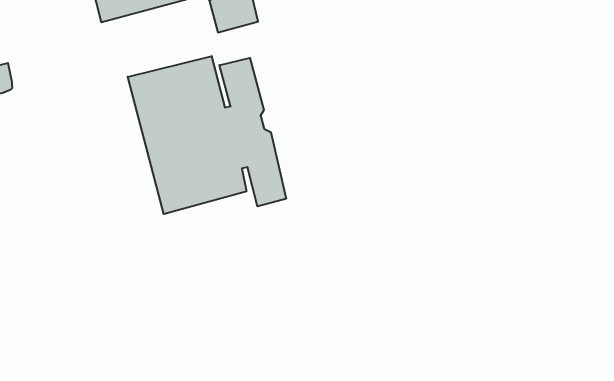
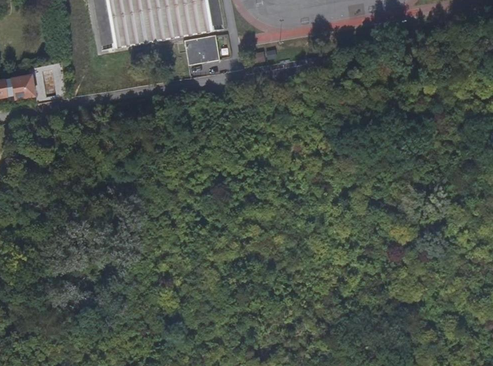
building: [128,56,286,214] -> none

